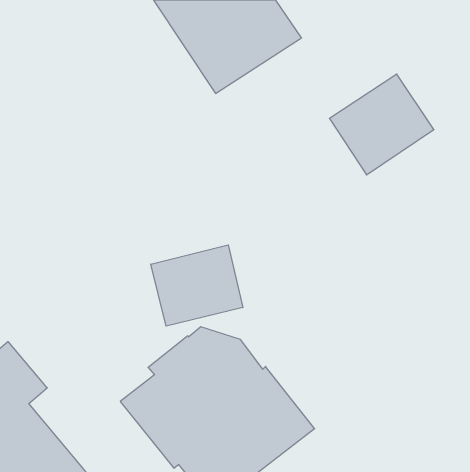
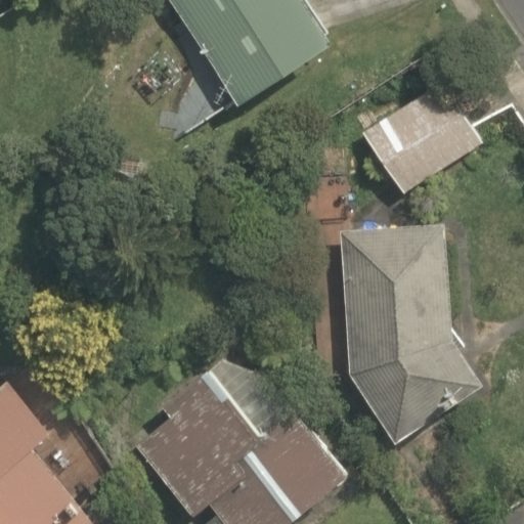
building: none -> [339,224,482,444]
building: [151,245,243,326] -> none

